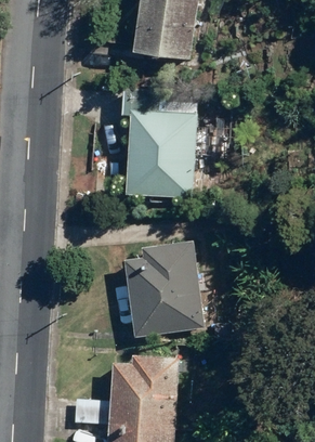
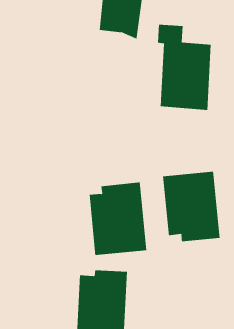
building: [123,89,193,199] -> [157,24,212,111]
building: none -> [163,171,220,242]

